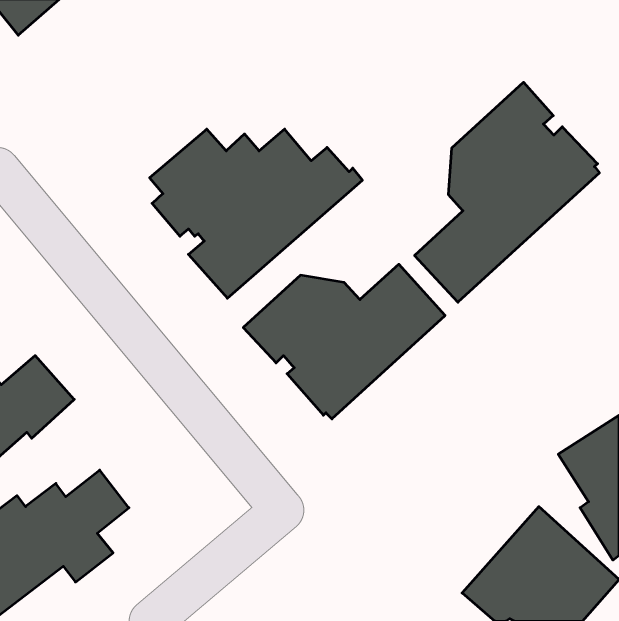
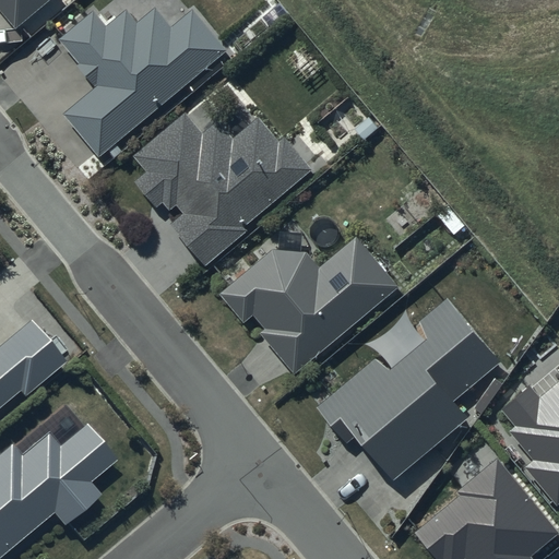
building: none -> [58,9,227,158]
building: [415,82,599,302] -> none
building: none -> [310,299,501,486]

